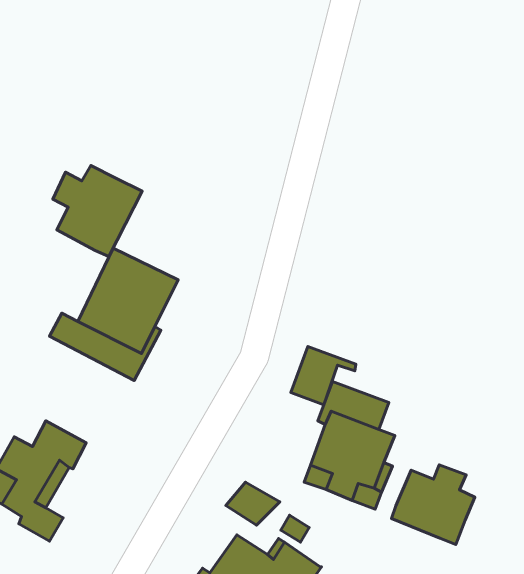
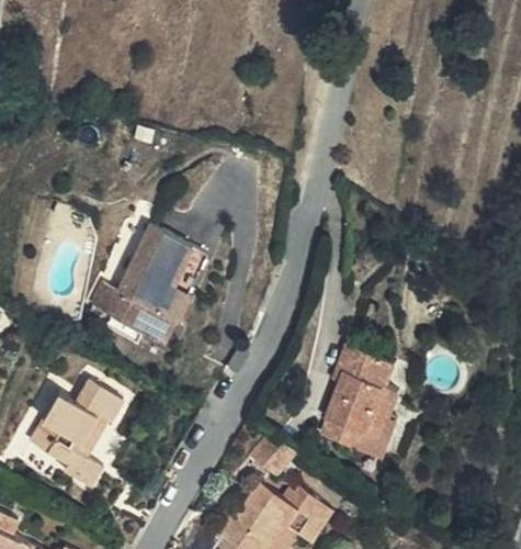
building: [53,166,142,256] -> none
building: [291,347,356,405] -> none
building: [392,465,475,545] -> none

